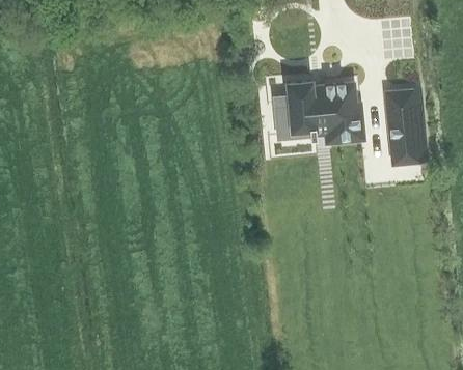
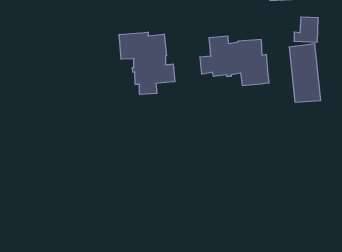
building: none -> [119,32,175,95]

